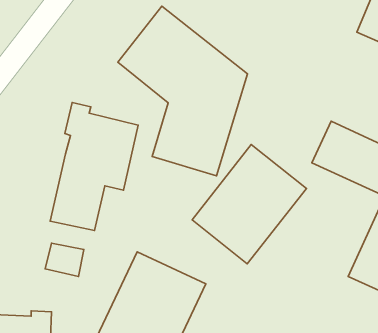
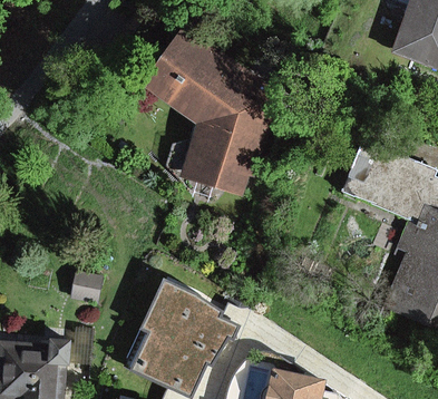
building: [50,103,138,231] -> none
building: [192,145,306,264] -> none

